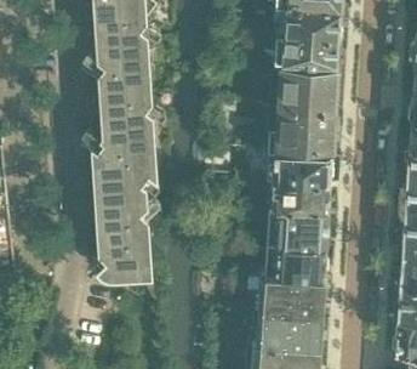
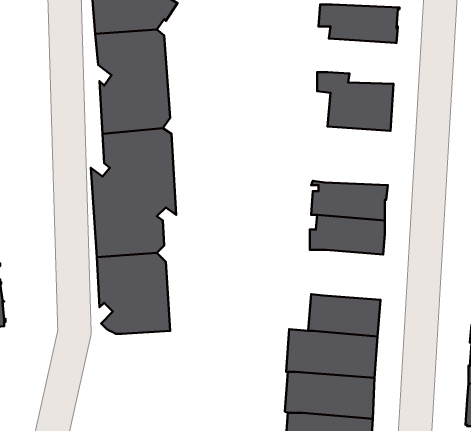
building: [281,36,337,67] -> none
building: [269,109,333,155] -> none
building: [278,211,327,252] -> none

